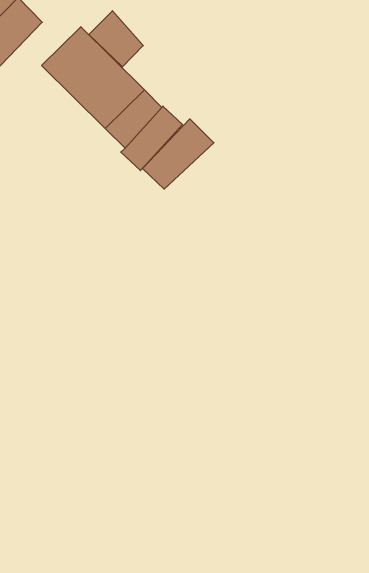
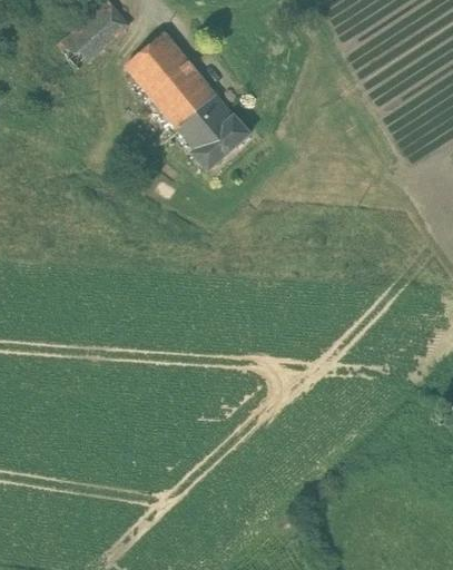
building: [89,11,143,67] -> none
building: [142,119,214,189] -> none

